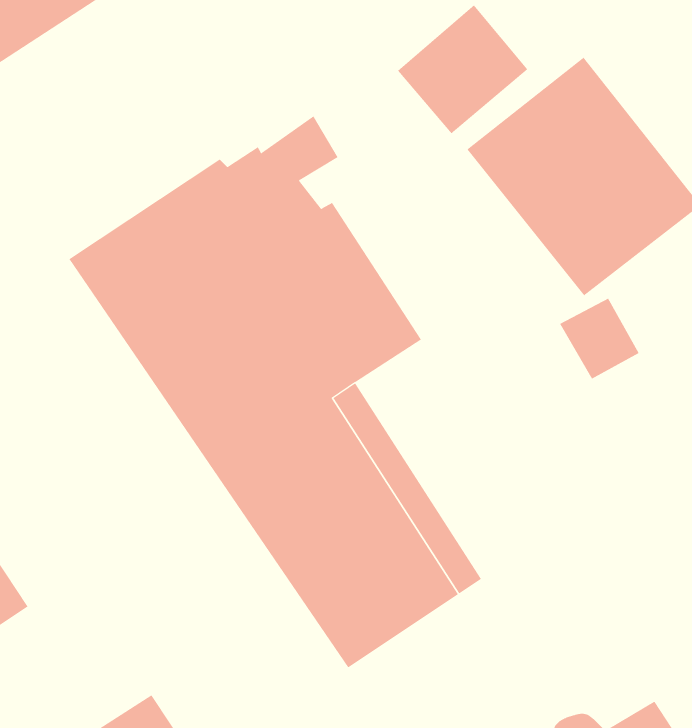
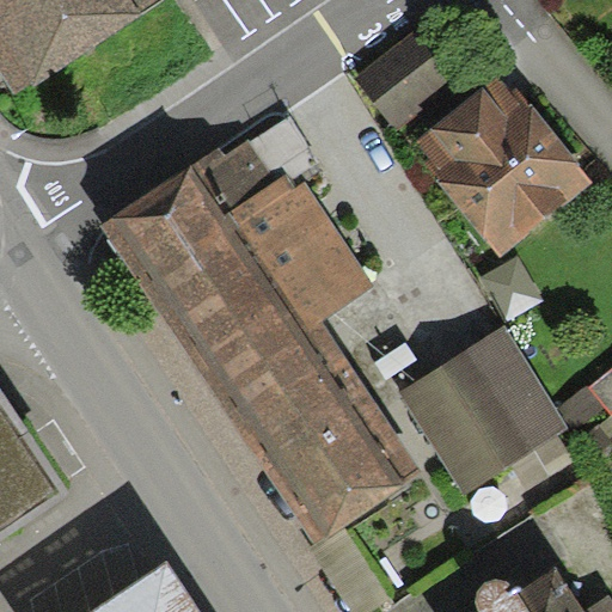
building: none -> [398,326,568,495]

